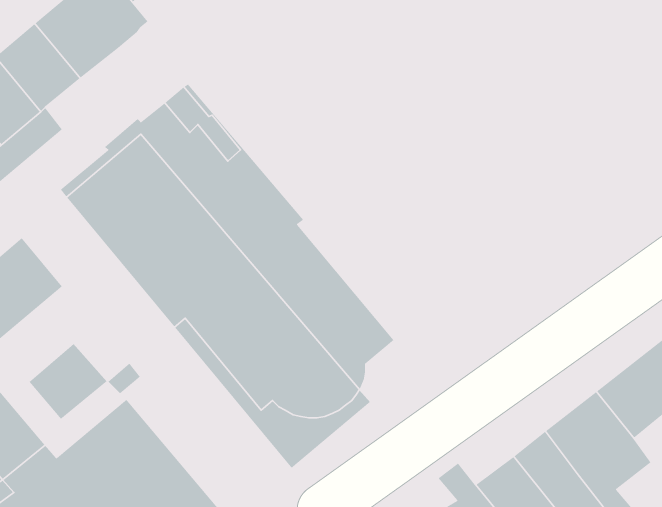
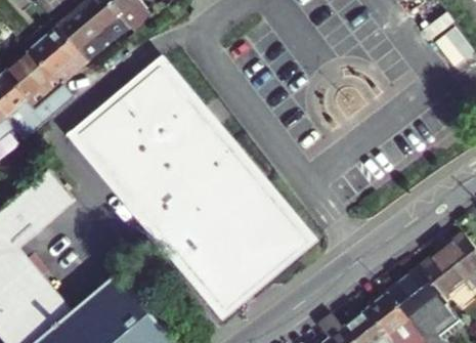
building: none -> [226,155,307,272]
building: [29,343,107,420] -> none

